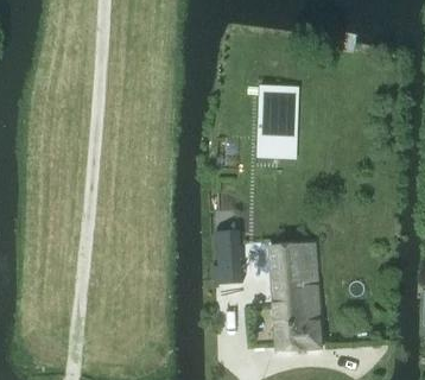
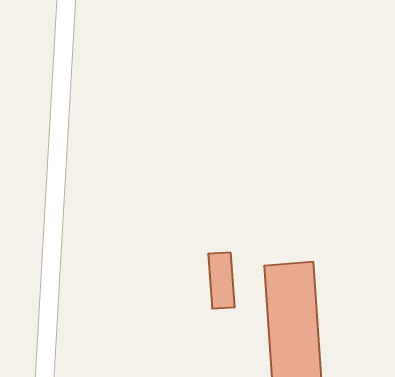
building: [255,84,298,157] -> none

